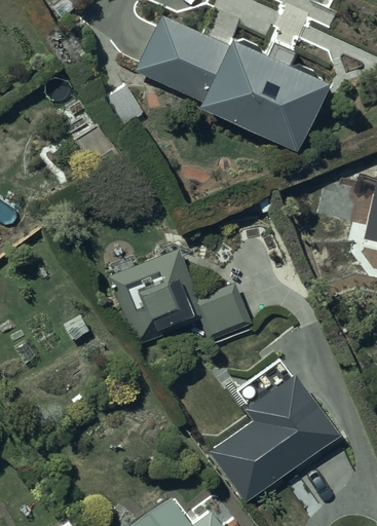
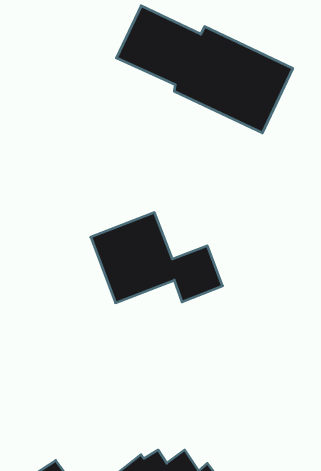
building: [206,351,343,500] -> none

